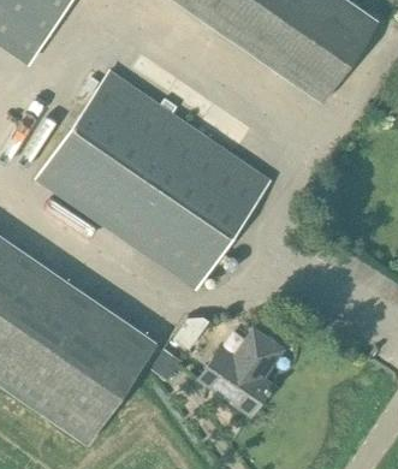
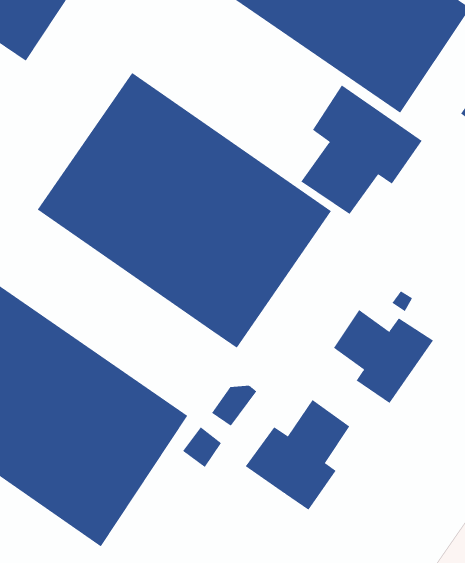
building: none -> [300,85,422,215]
building: none -> [333,309,434,404]

